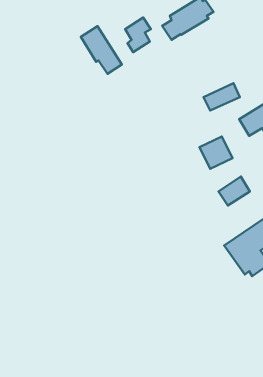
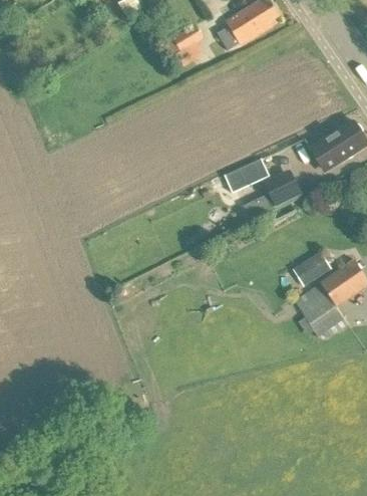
building: [81,26,122,74] -> none
building: [204,83,240,110] -> [226,155,270,188]
building: [219,177,250,205] -> [293,251,331,286]

